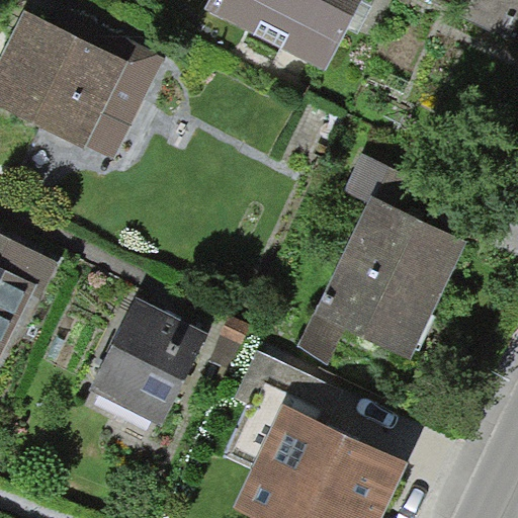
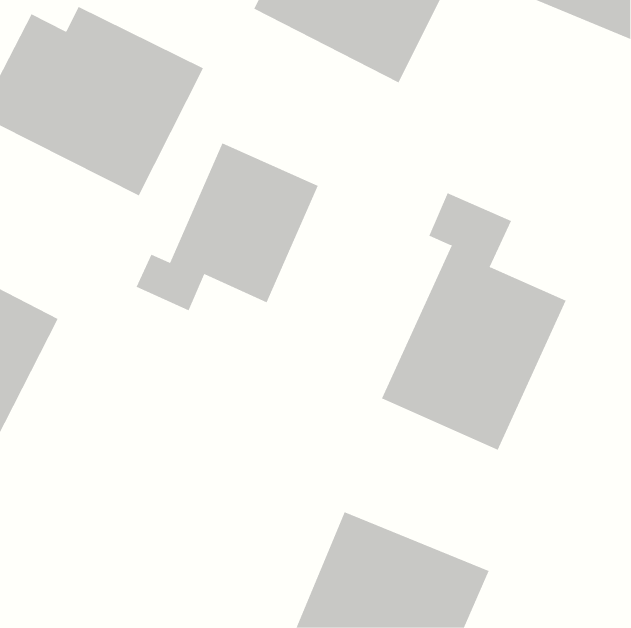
building: none -> [136,142,318,311]
building: [89,296,204,421] -> none

